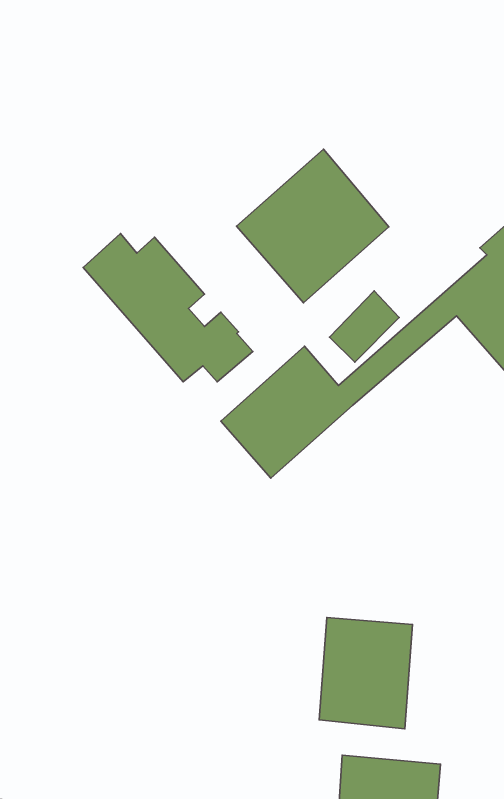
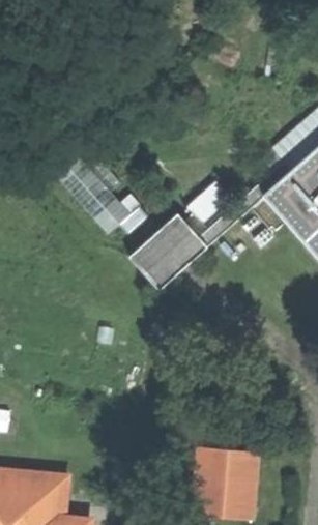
building: [237,149,389,303] -> none
building: [319,618,413,729] -> none

